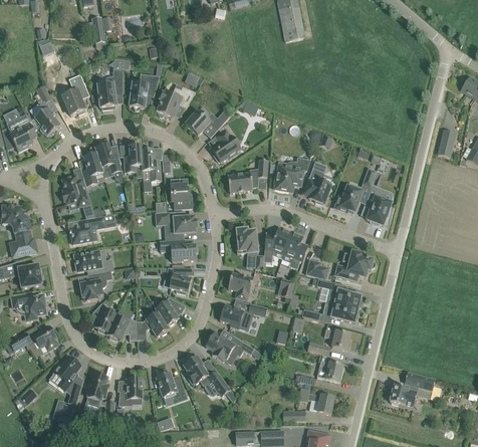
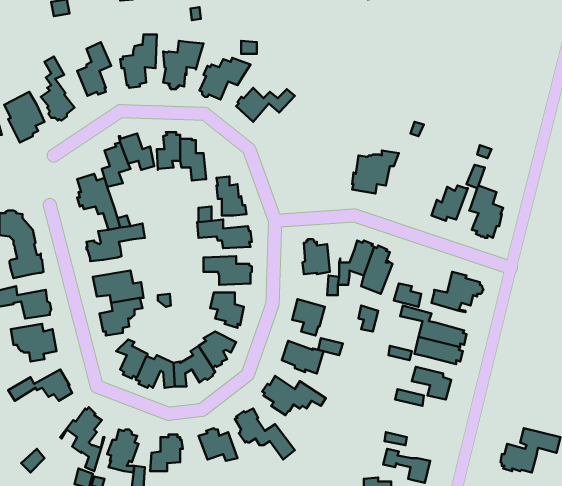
building: [212,129,240,162] -> none
building: [227,160,268,193] -> none
building: [303,161,331,204] -> none
building: [317,361,342,382] -> none

